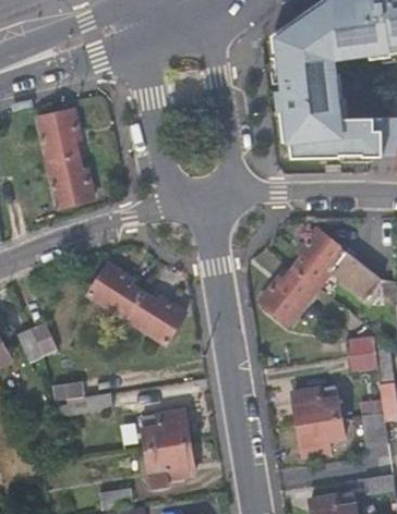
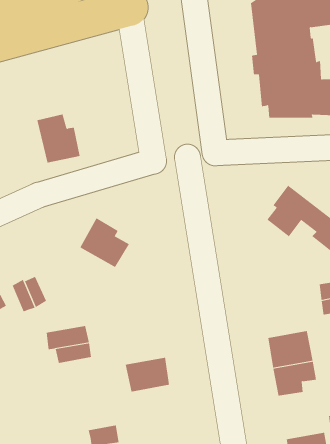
building: [36,110,79,161] -> none
building: [260,267,314,320] -> none
building: [130,293,185,340] -> none
building: [146,442,193,487] -> none

